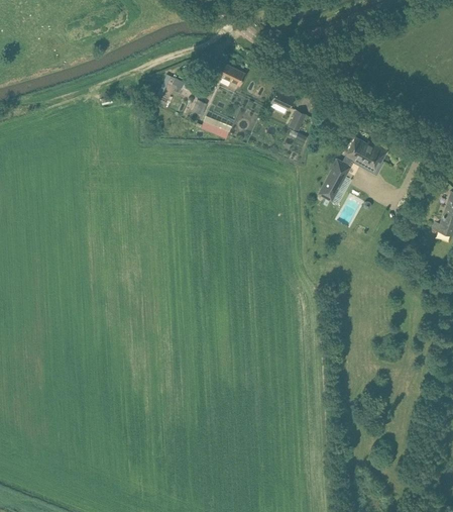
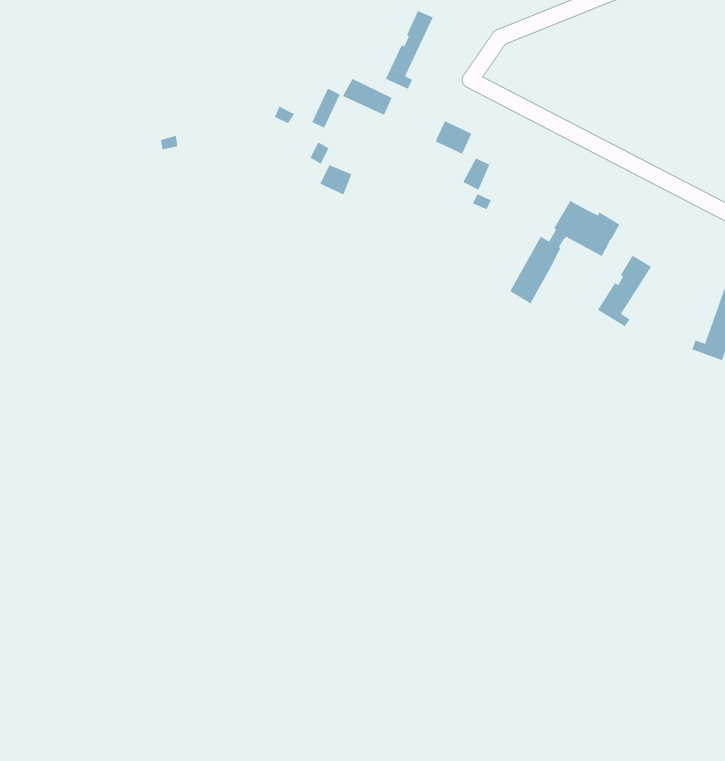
building: none -> [385,10,434,90]
building: none -> [597,255,652,327]

